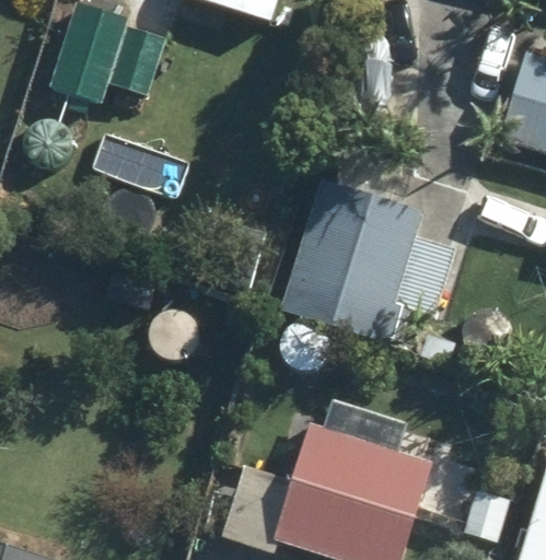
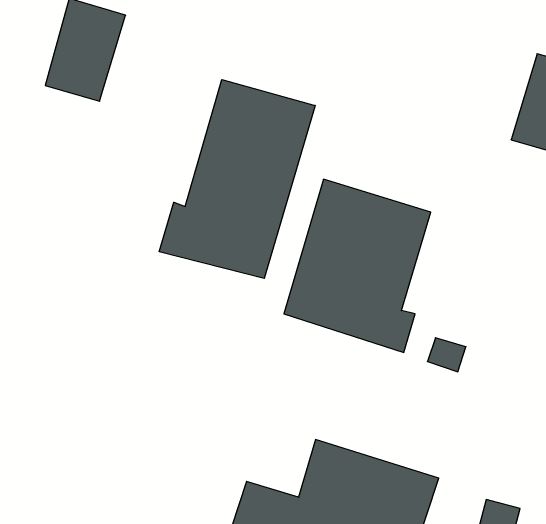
building: none -> [159,80,315,278]

